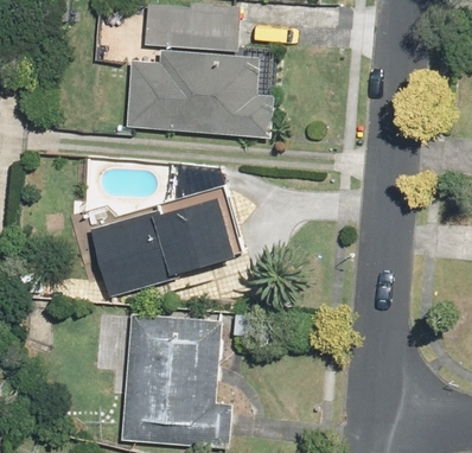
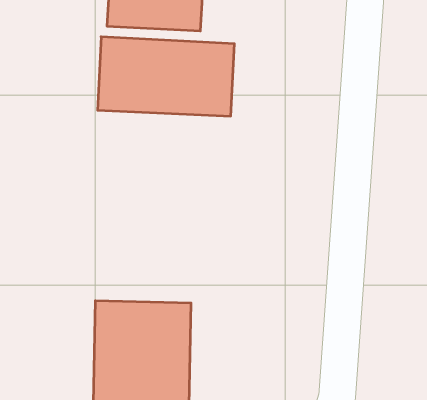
building: [87,189,238,301] -> none

